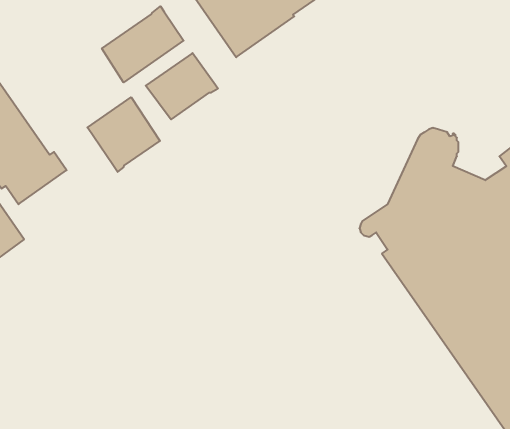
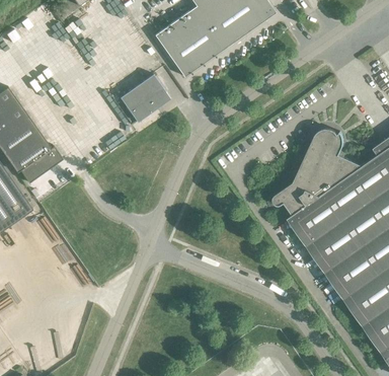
building: [102,6,184,82] -> none
building: [87,97,160,172] -> none

